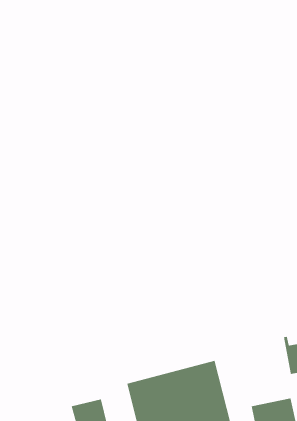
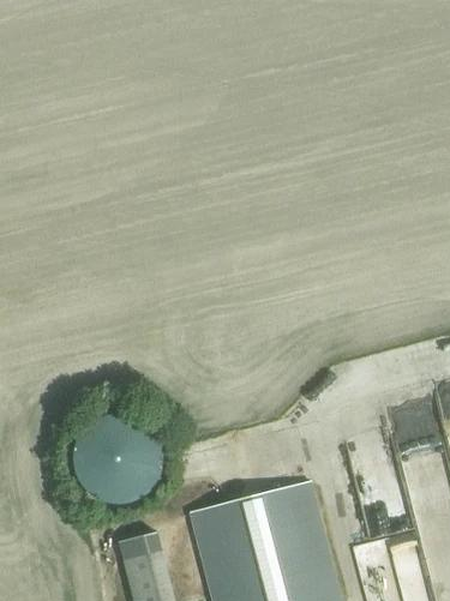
building: none -> [73,415,163,505]

